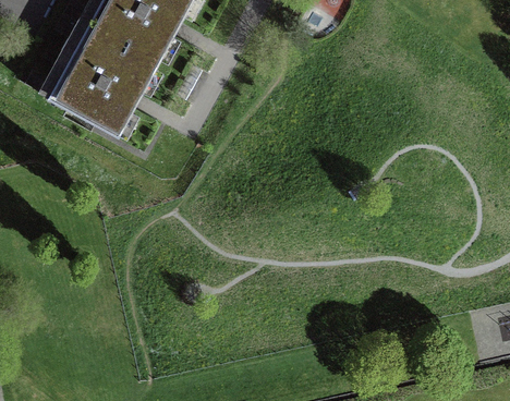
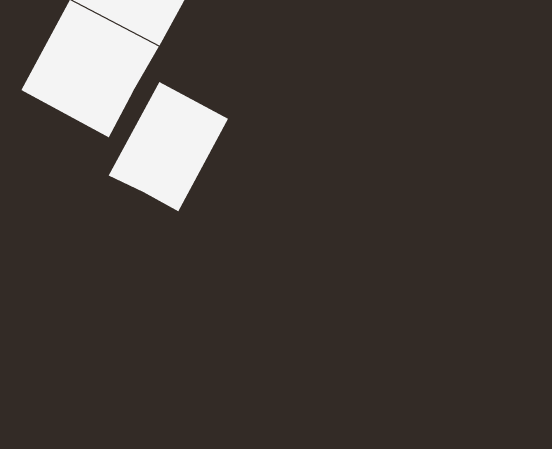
building: none -> [108,81,229,212]

